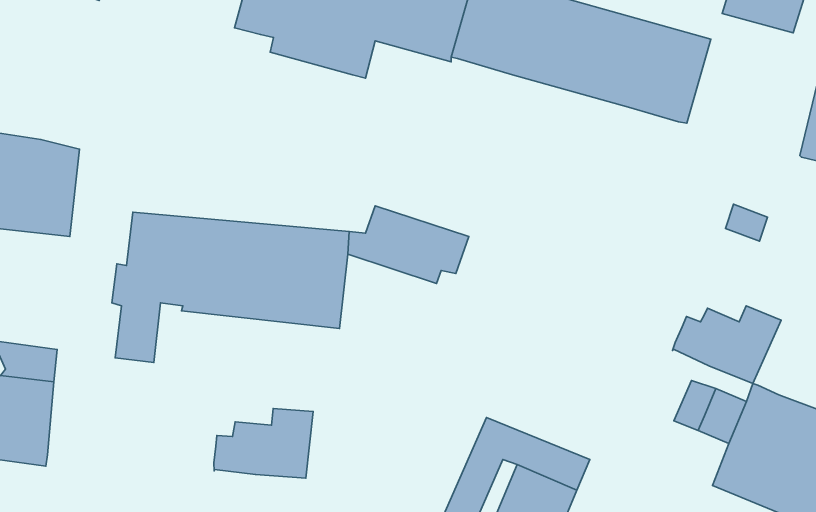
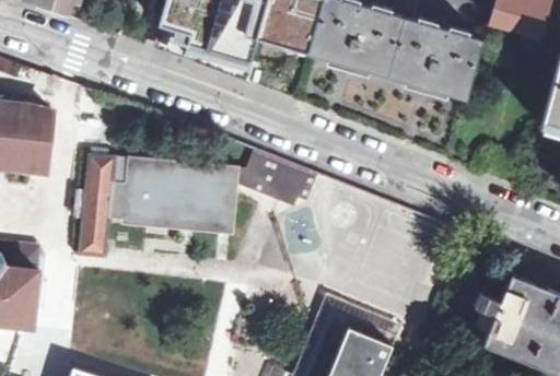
building: [673,306,781,384] -> none
building: [214,408,313,478] -> none

